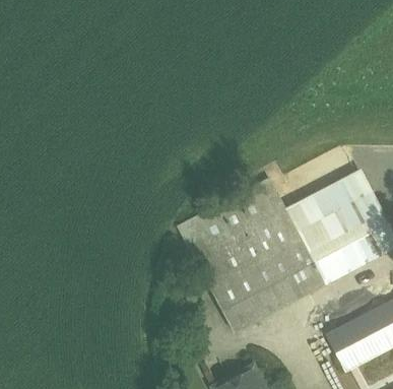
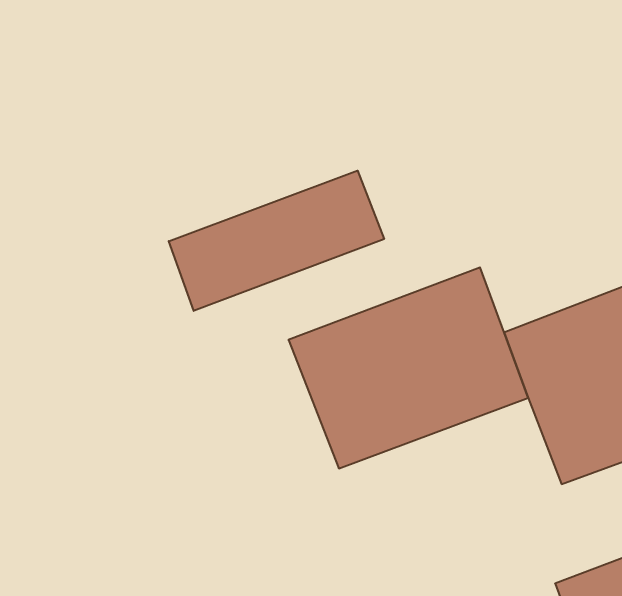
building: none -> [169,171,384,311]
building: [212,243,326,333] -> none

